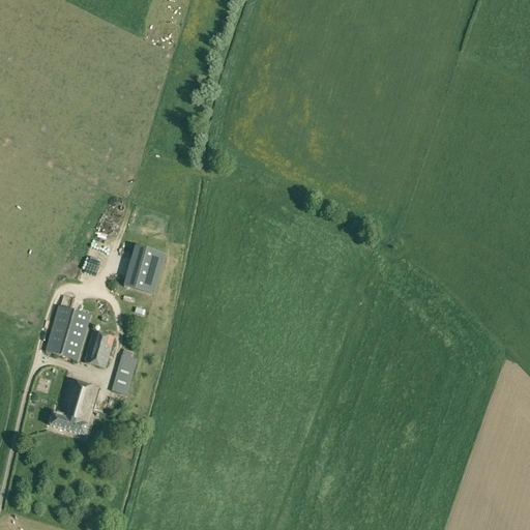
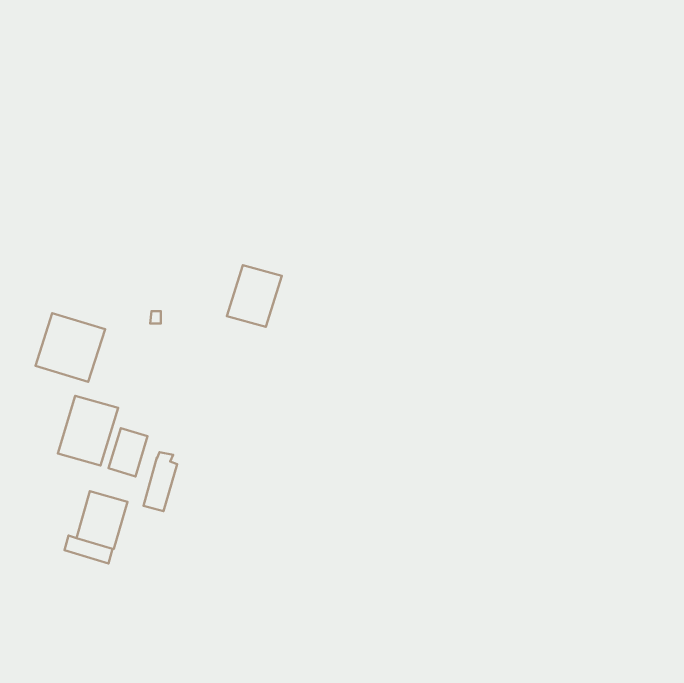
building: none -> [35,313,105,382]
building: [124,245,167,293] -> [227,265,282,327]

